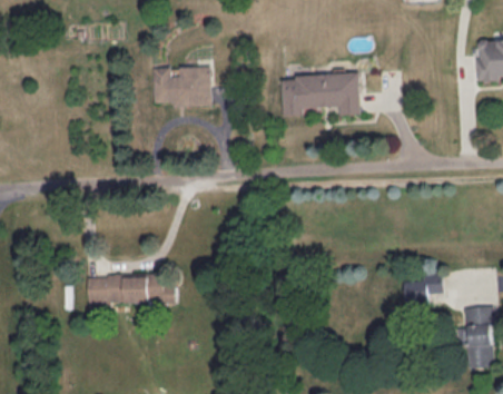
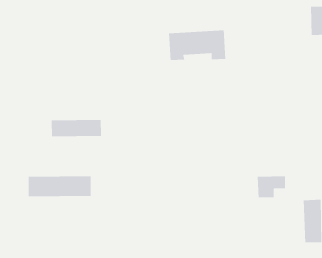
building: [152,66,211,107] -> none
building: none -> [51,119,102,137]

